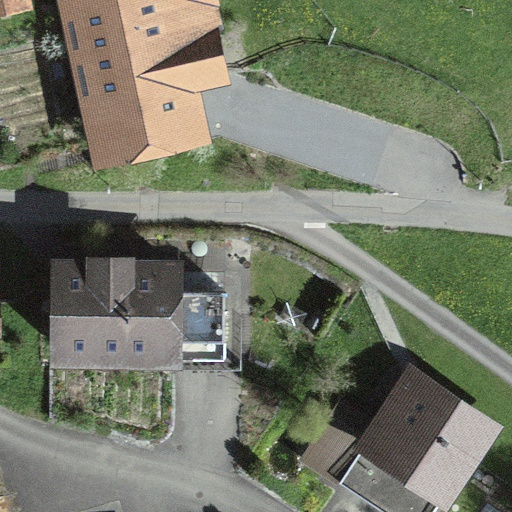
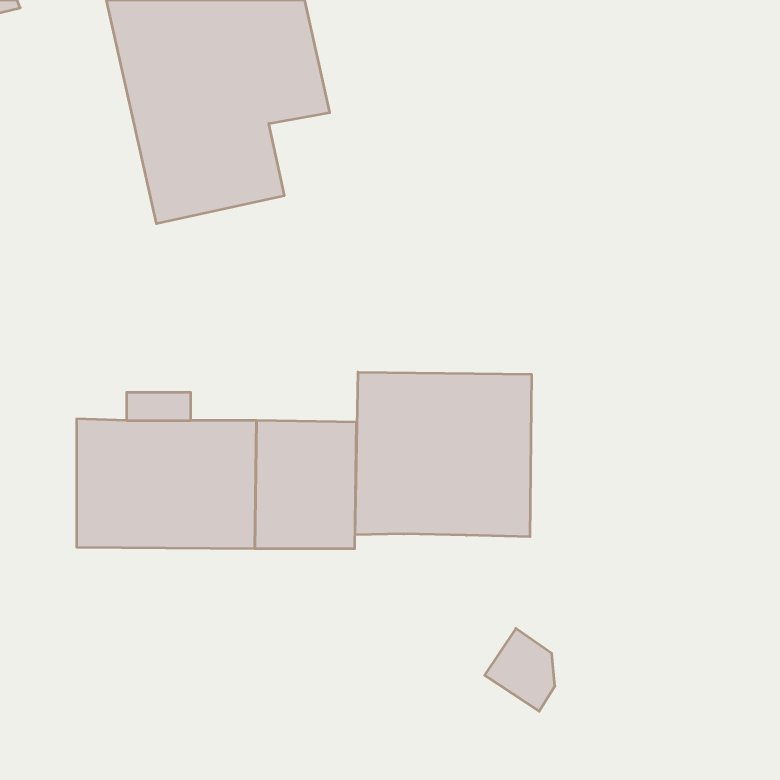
building: none -> [355,372,531,537]
building: [365,387,477,506] -> none

